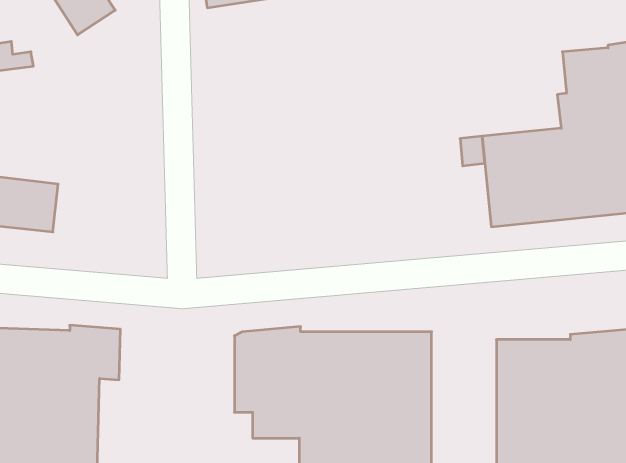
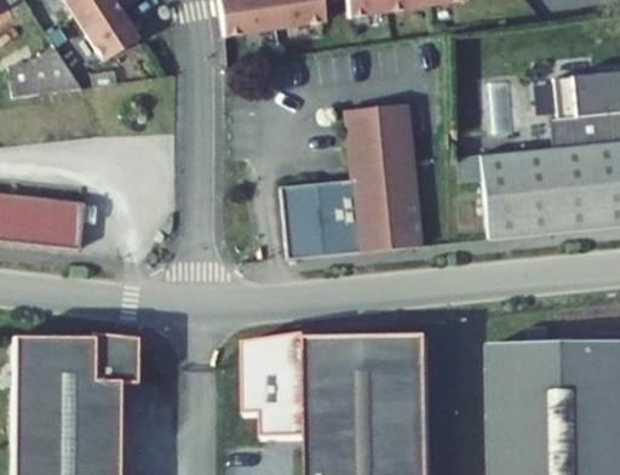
building: none -> [281,103,421,258]

